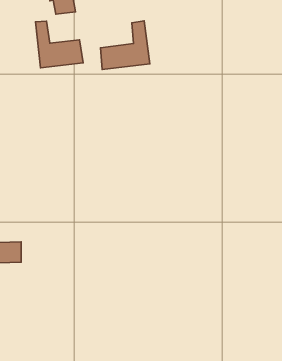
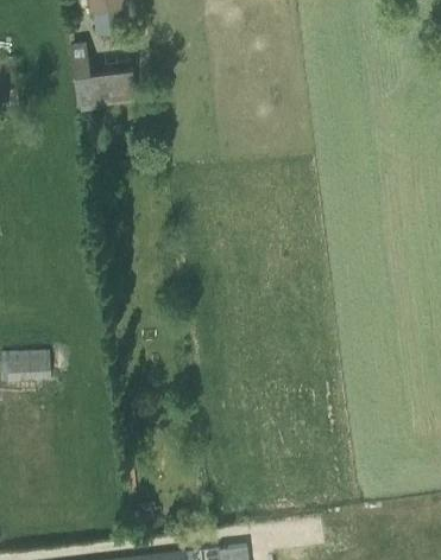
building: [100,21,150,69] -> none

